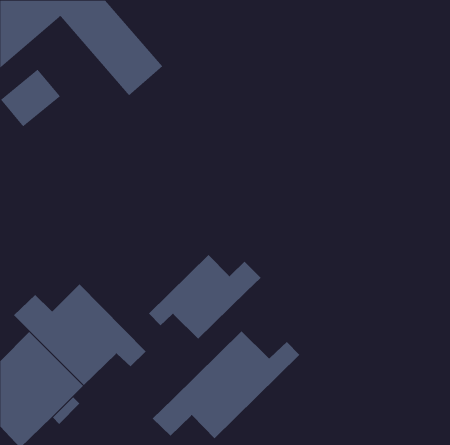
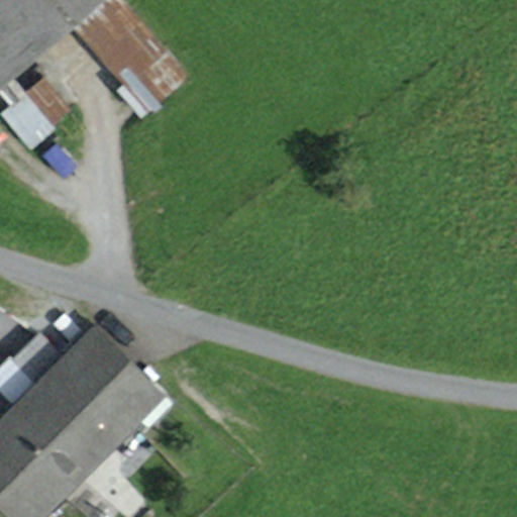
building: [148,254,261,339] -> none
building: [152,331,300,439] -> none

